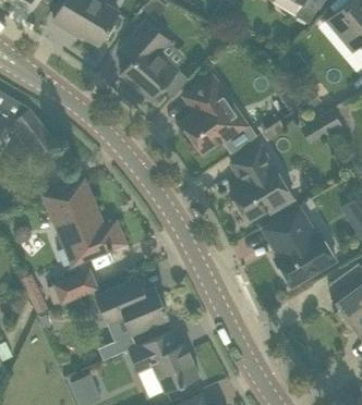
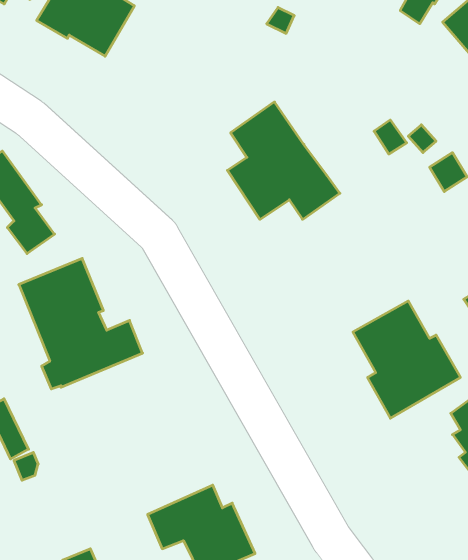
building: [121,20,189,100] -> none
building: [230,145,294,222] -> none
building: [51,267,99,305] -> none
building: [95,278,169,360] -> none

